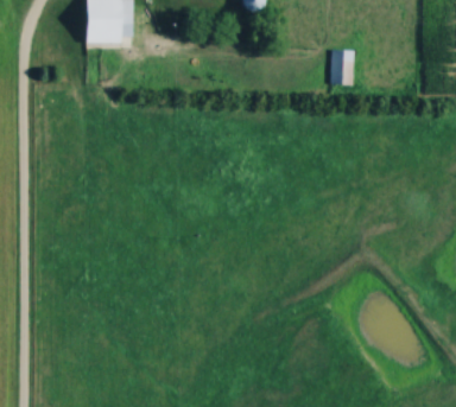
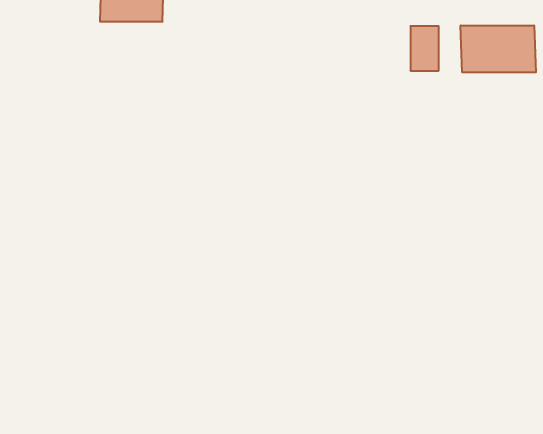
building: none -> [461,25,536,72]

